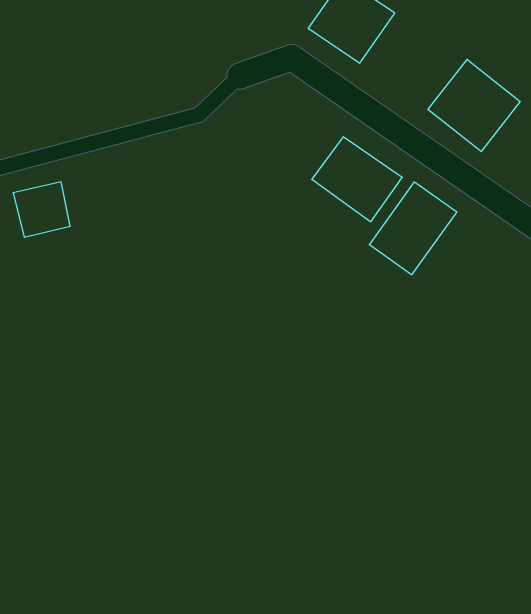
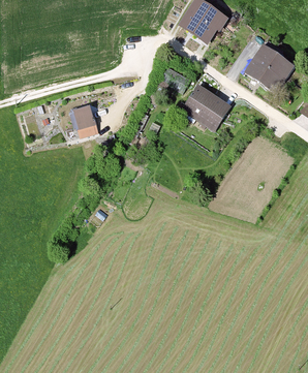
building: [13,182,70,237] -> [68,108,100,139]
building: [369,182,457,275] -> none

